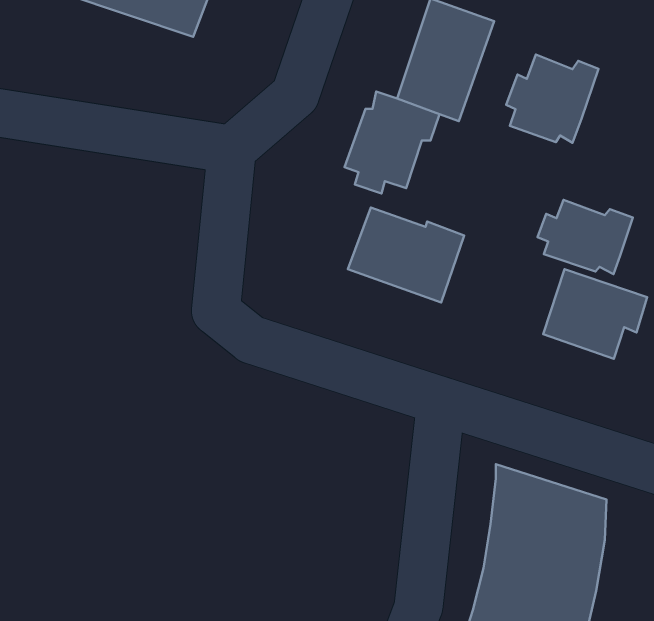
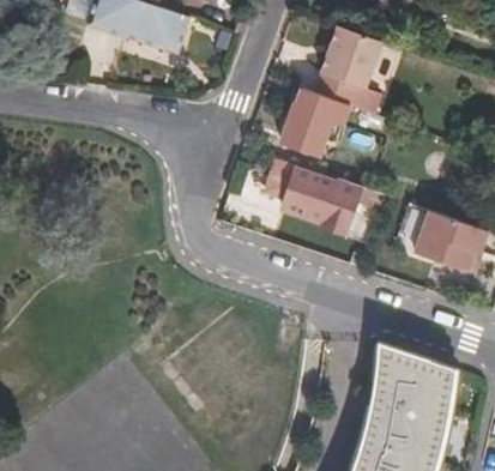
building: [506,55,598,143] -> none
building: [538,200,633,274] -> none

